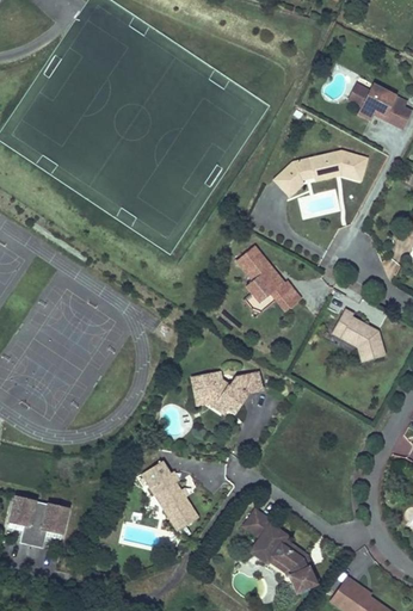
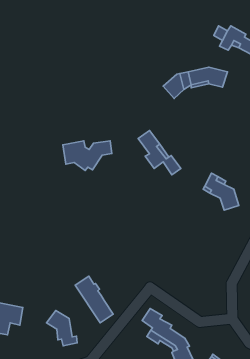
building: [190,370,263,414] -> [63,141,112,171]
building: none -> [47,310,77,346]

